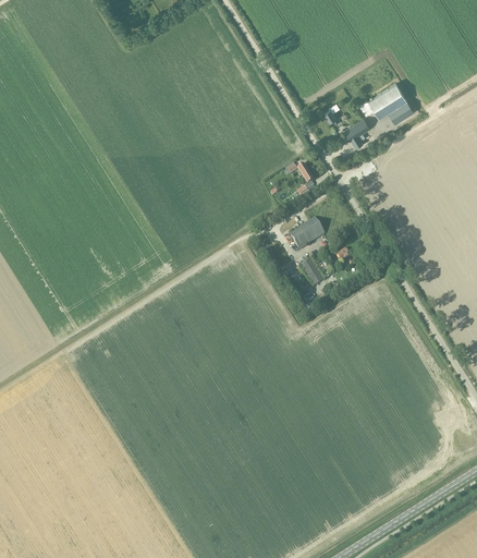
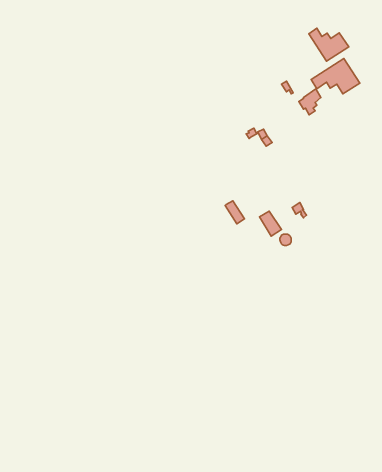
building: none -> [309,28,349,61]
building: [289,217,325,248] -> none

